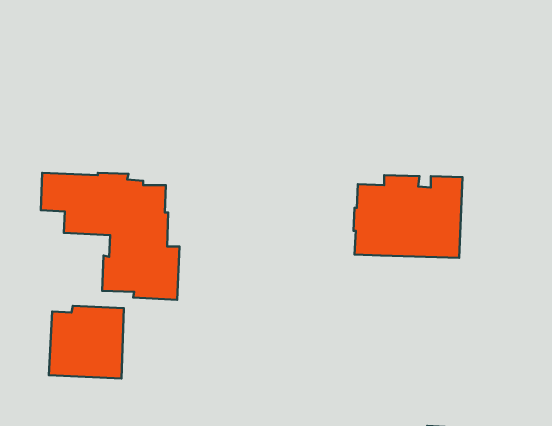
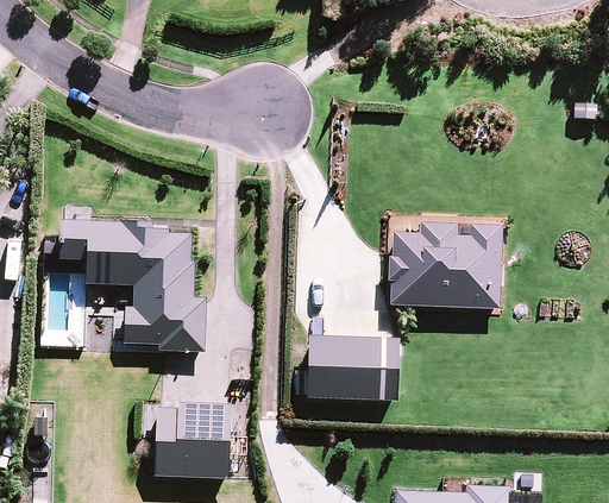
building: none -> [306,333,398,400]
building: [49,306,124,379] -> [152,402,231,478]

